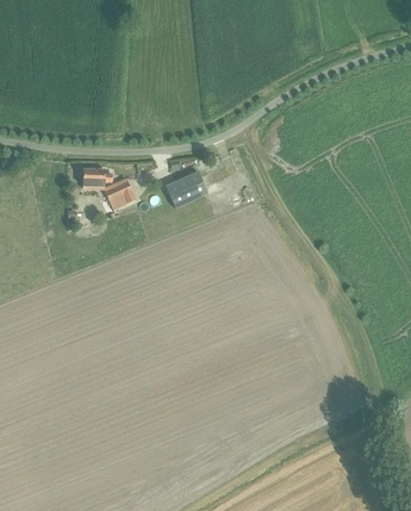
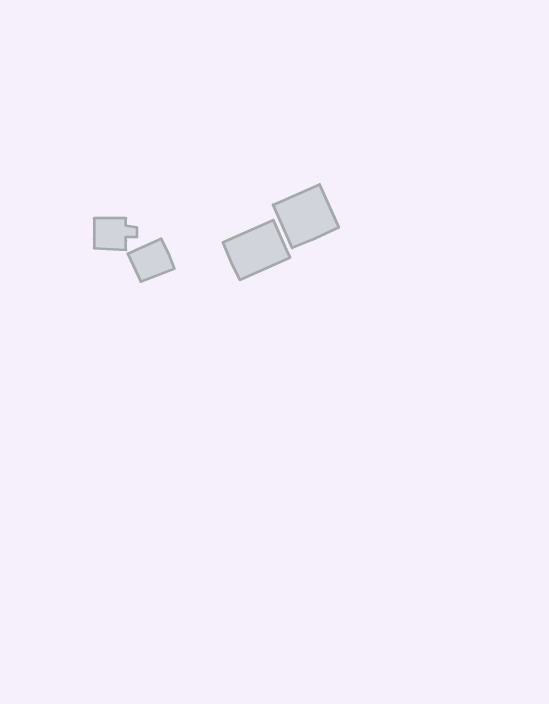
building: none -> [273,184,339,248]

